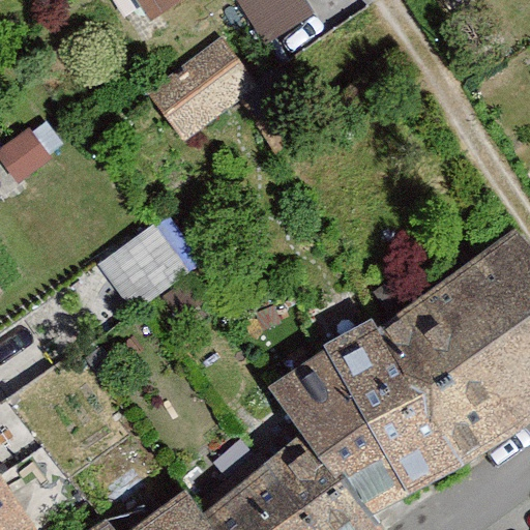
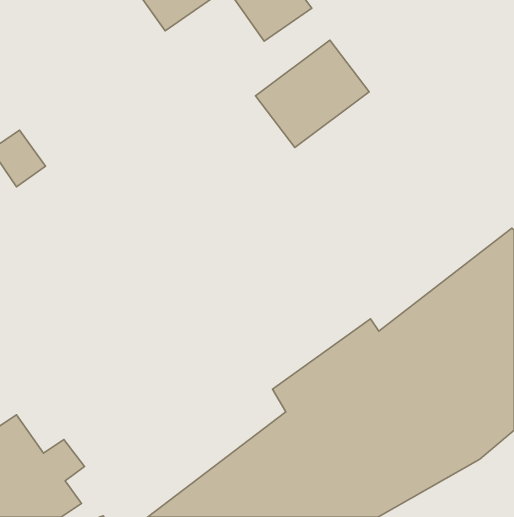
building: [143,34,257,142] -> [256,40,369,147]
building: [99,212,208,314] -> none

